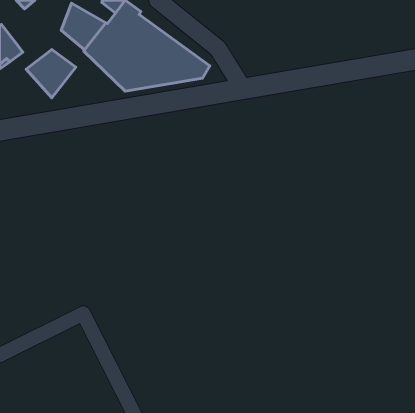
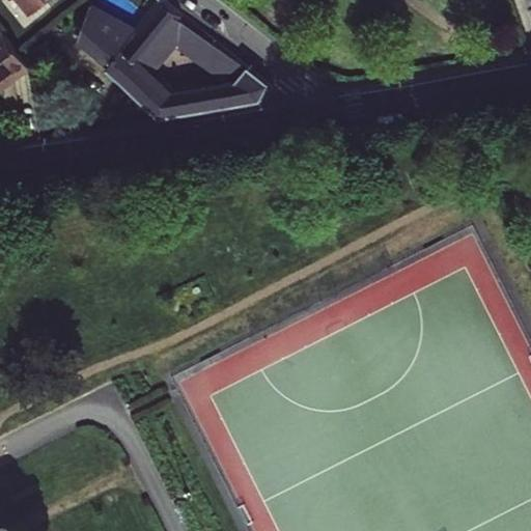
building: [26,49,76,98] -> none

